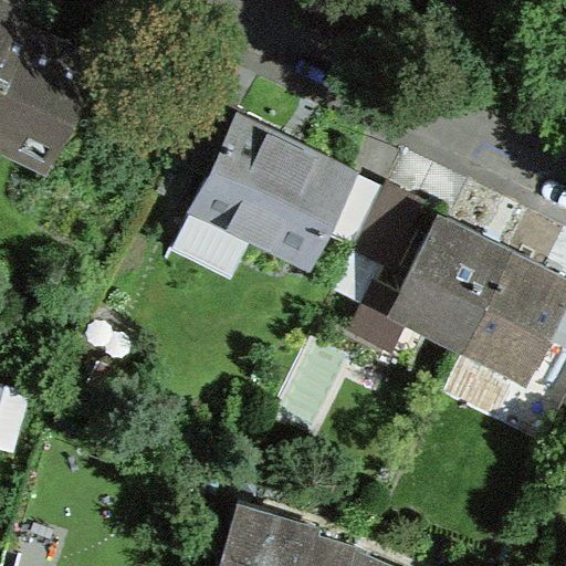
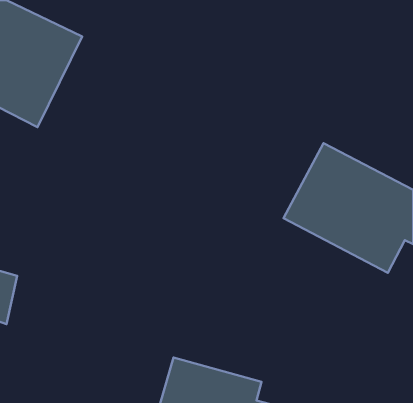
building: [167,93,366,283] -> none

